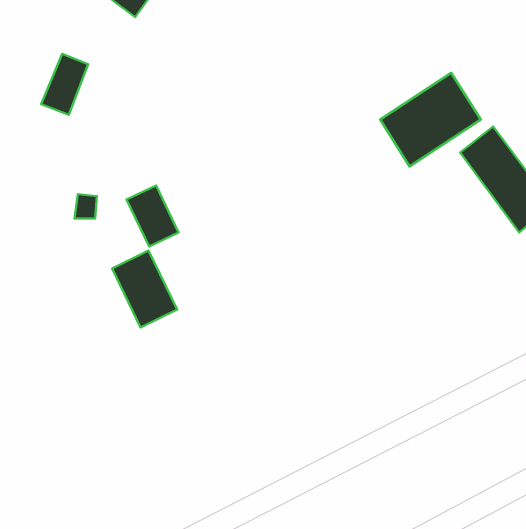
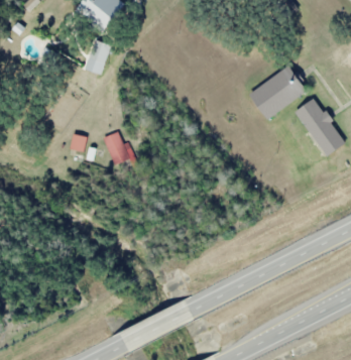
building: [41,54,88,115] -> [82,38,109,74]
building: [112,251,177,328] -> none

